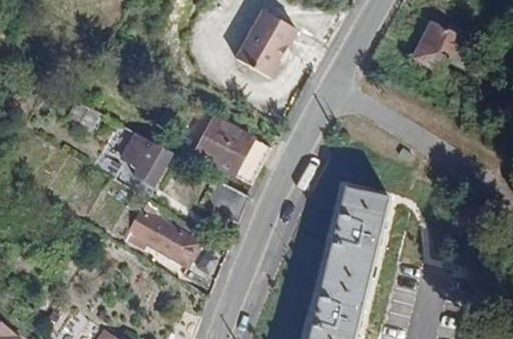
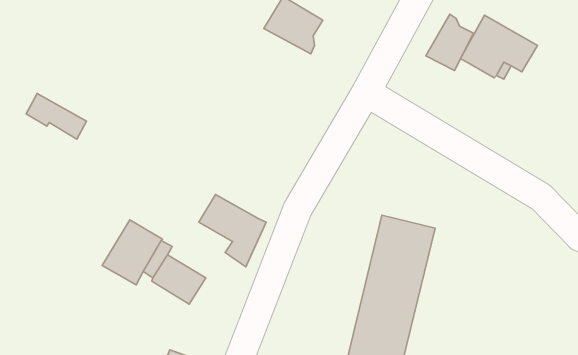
building: none -> [426,14,473,70]
building: [232,34,285,76] -> none
building: [193,116,267,180] -> none
building: [107,132,167,188] -> none

